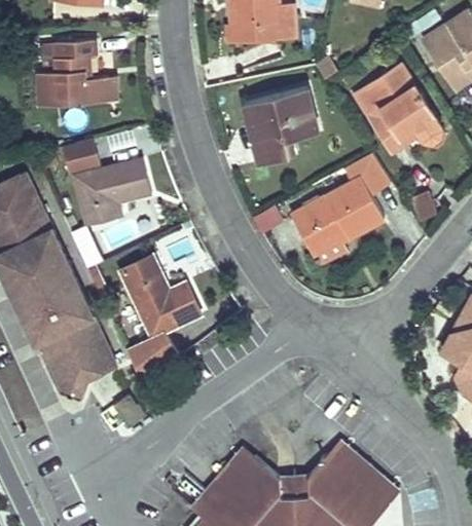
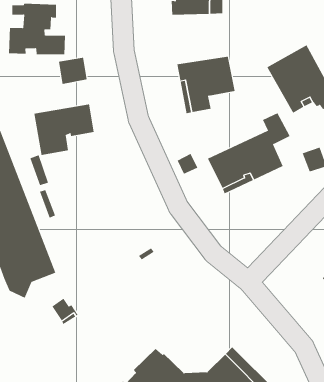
building: [62,139,99,174] -> [58,57,87,84]
building: [121,255,201,386] -> none

